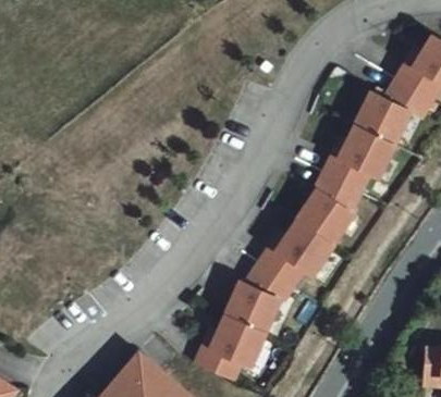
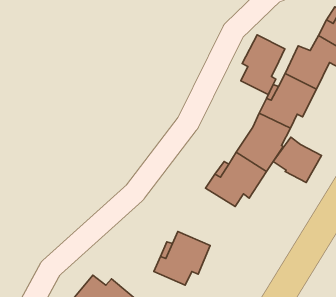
building: none -> [241,35,285,94]
building: none -> [273,137,321,183]
building: [230,259,297,326] -> none

